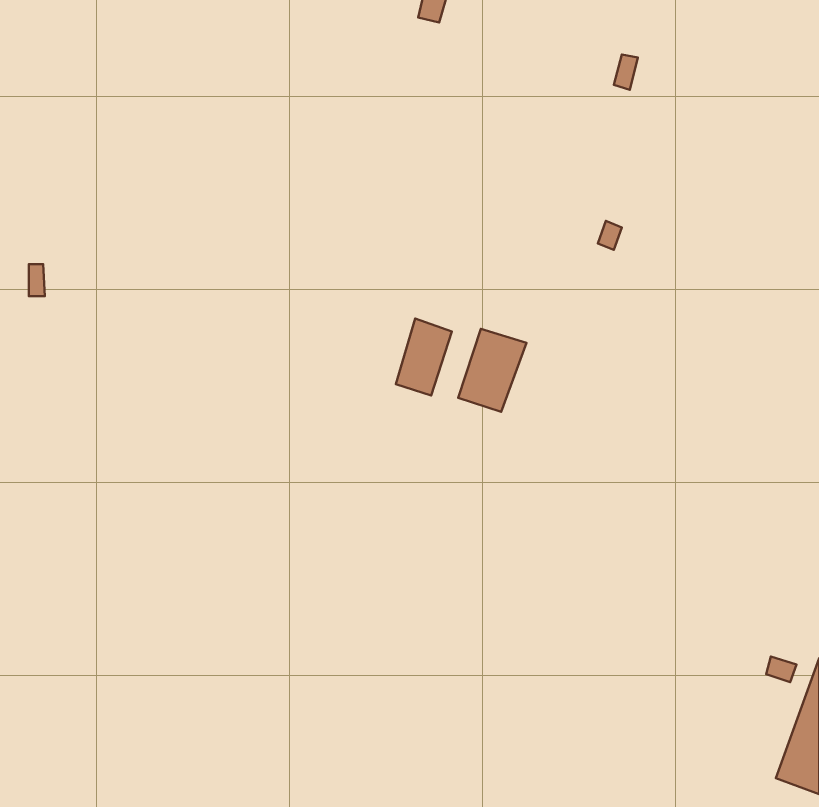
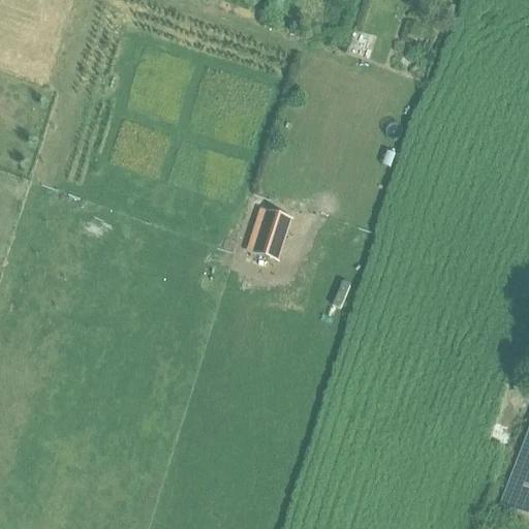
building: [458,329,526,412] -> none

